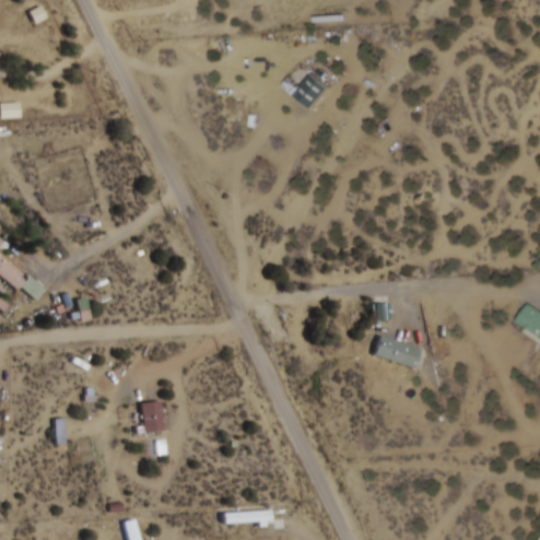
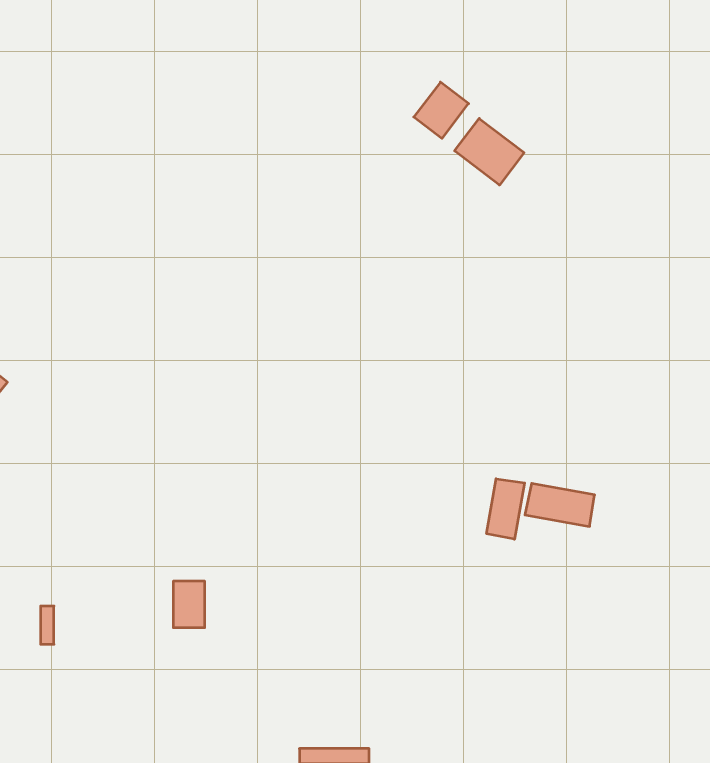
building: none -> [455,118,524,185]
building: none -> [487,479,525,539]

